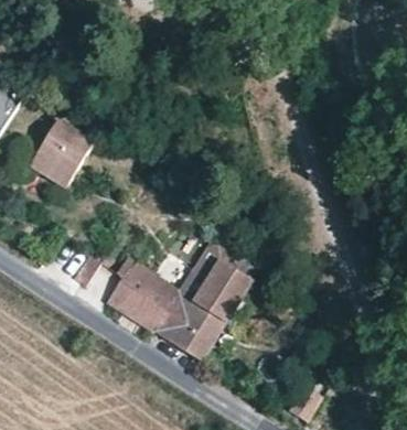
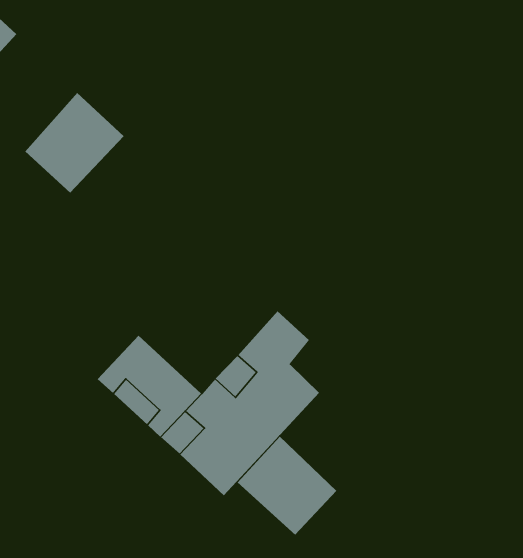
building: none -> [237,436,337,536]

